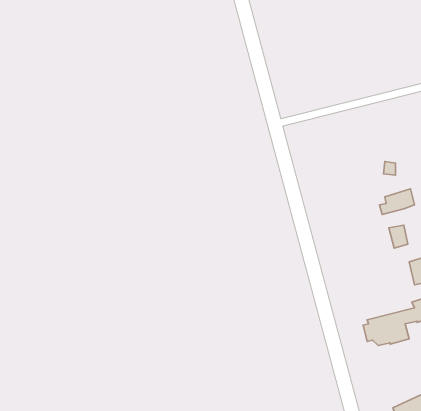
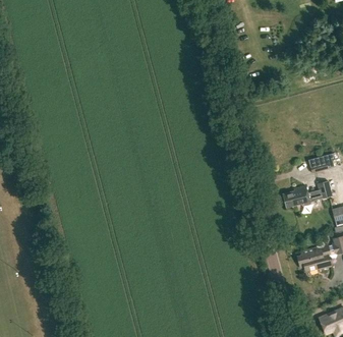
building: none -> [283,185,311,207]

